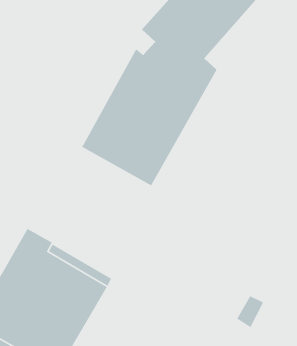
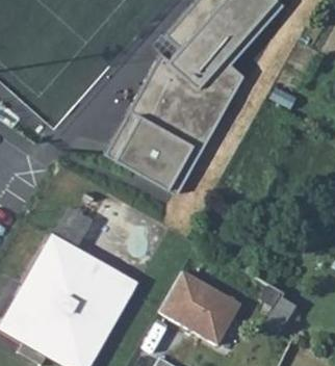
building: none -> [159,270,242,345]

